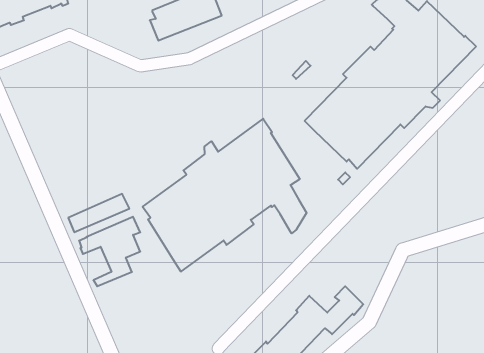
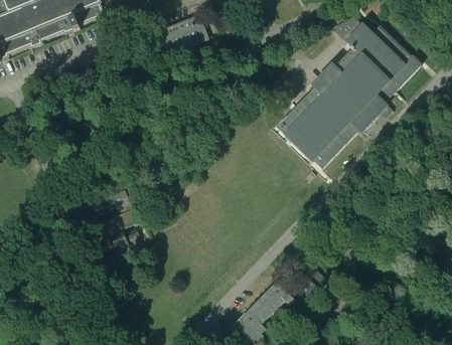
building: [143,119,307,272] -> none

